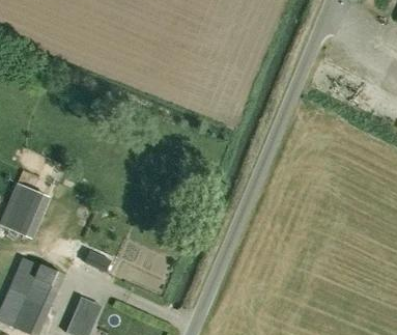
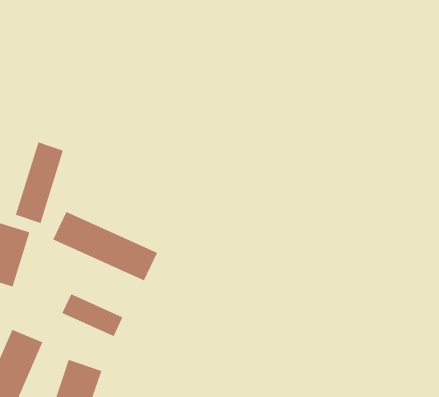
building: none -> [15,142,64,224]
building: none -> [53,211,158,281]

